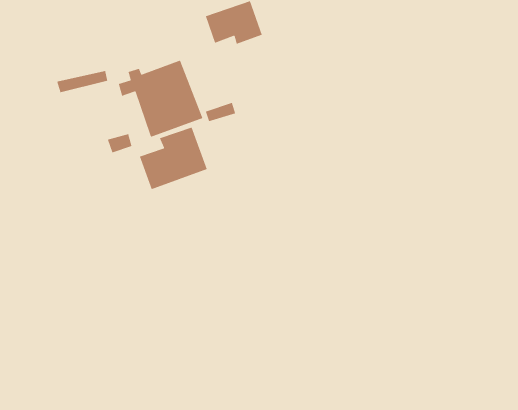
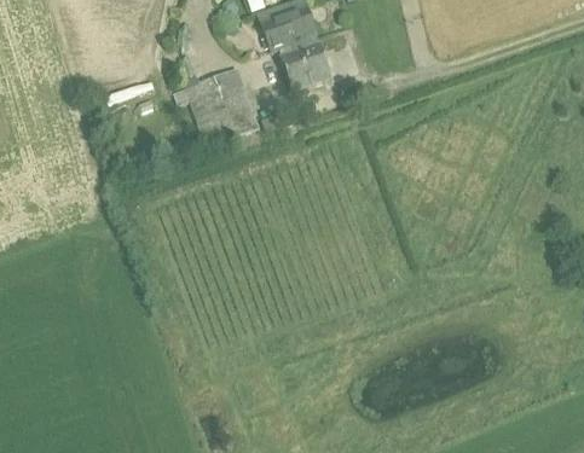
building: none -> [281,41,333,89]
building: [139,126,208,190] -> none

